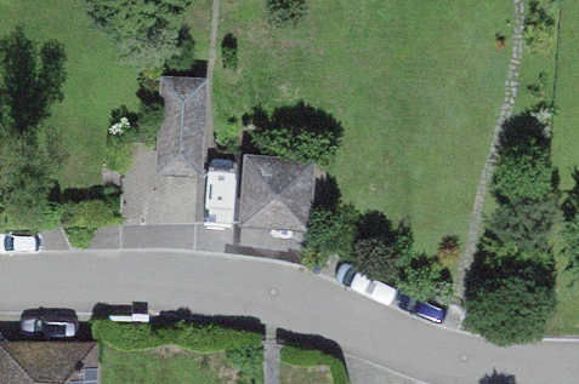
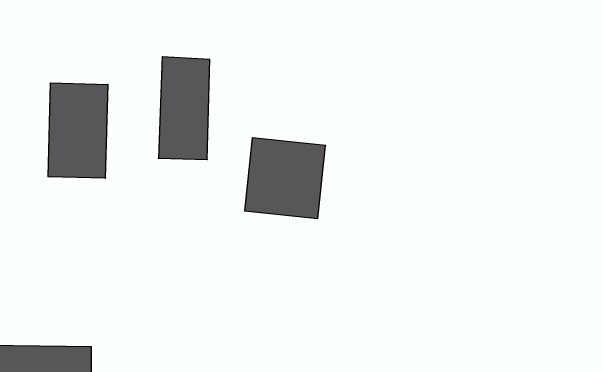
building: none -> [48,83,108,178]

